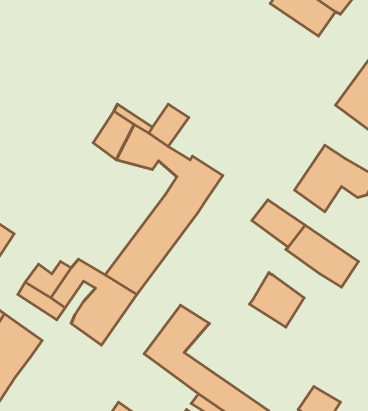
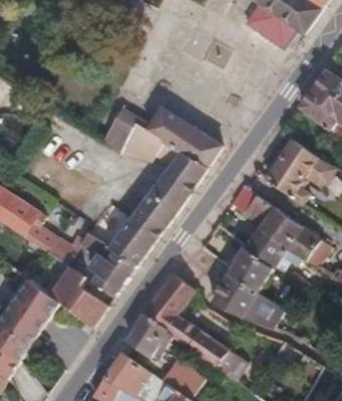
building: none -> [162,117,222,165]
building: none -> [247,226,288,266]
building: none -> [214,271,285,327]
building: none -> [64,287,107,327]
building: none -> [125,313,173,354]

